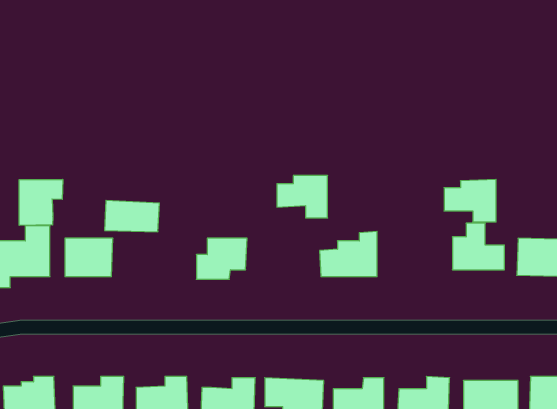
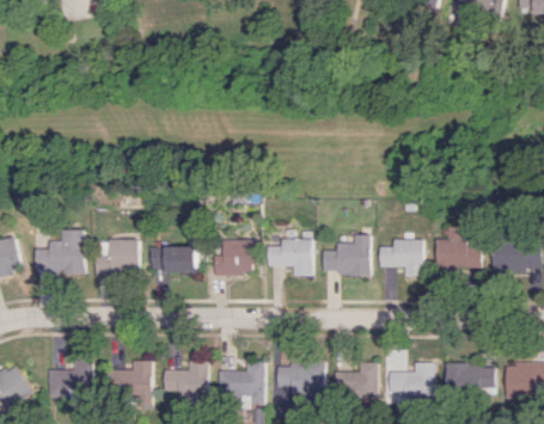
building: [277,176,328,218] -> [269,239,313,276]
building: [19,179,63,225] -> none
building: [444,179,496,222] -> [381,239,427,276]
building: [105,200,159,232] -> [152,245,200,272]

